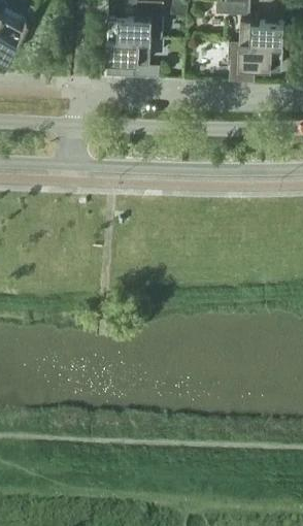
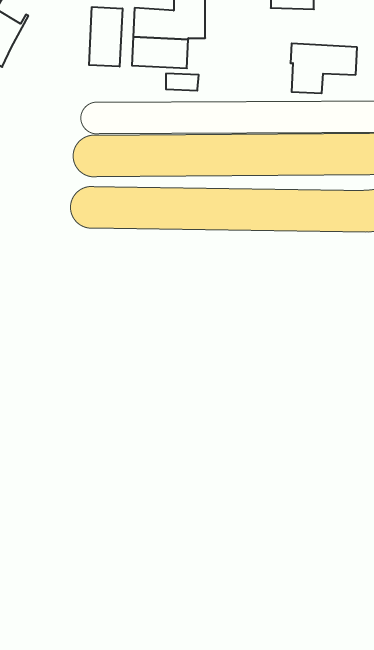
building: none -> [89,7,122,67]
building: [233,21,285,45] -> none

